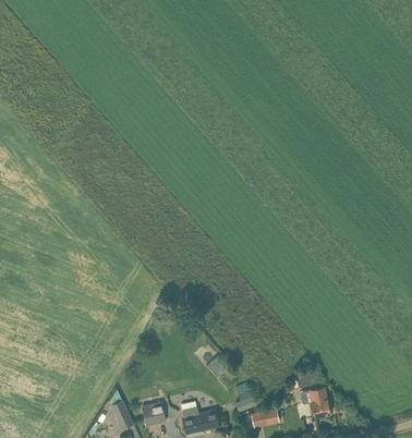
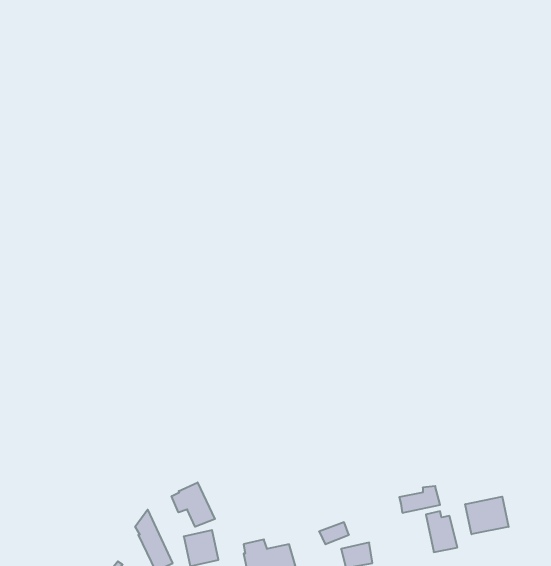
building: none -> [172,482,215,527]
building: none -> [465,497,509,534]

